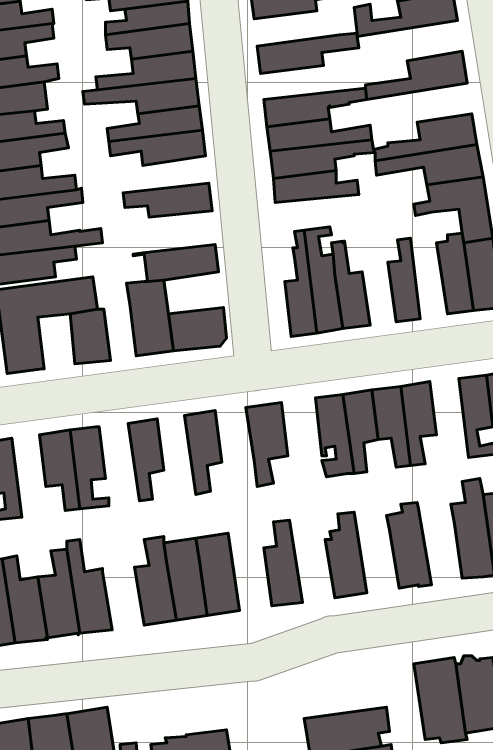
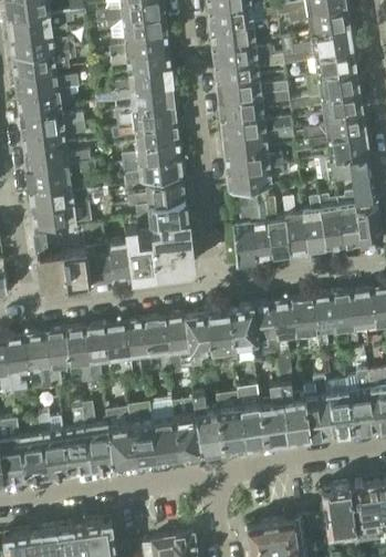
building: none -> [212,40,271,64]
building: none -> [283,47,355,74]
building: none -> [217,78,289,101]
building: none -> [290,90,362,116]
building: none -> [122,140,181,165]
building: none -> [227,165,289,193]
building: none -> [128,180,186,207]
building: none -> [320,195,345,251]
building: none -> [283,197,310,256]
building: none -> [150,219,191,248]
building: none -> [109,241,132,280]
building: none -> [64,248,90,286]
building: none -> [333,292,359,350]
building: none -> [231,306,262,363]
building: none -> [186,312,212,369]
building: none -> [146,318,173,373]
building: none -> [106,323,134,380]
building: none -> [46,331,70,388]
building: none -> [277,357,312,440]
building: none -> [325,381,355,434]
building: none -> [236,382,268,446]
building: none -> [195,393,225,452]
building: none -> [107,410,137,465]

